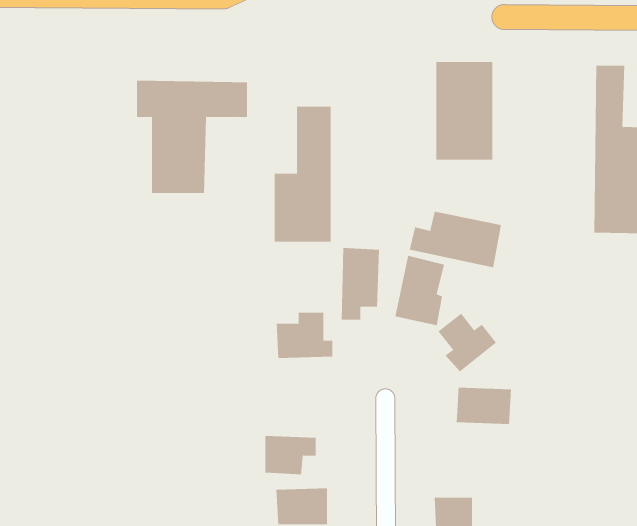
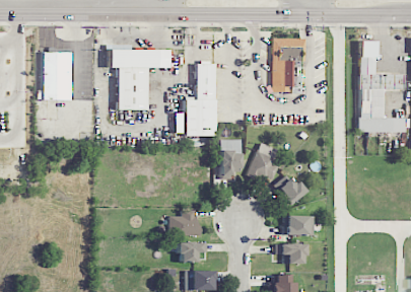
building: none -> [42,50,71,99]
building: [409,211,501,268] -> none
building: [276,312,333,359] -> [169,210,201,235]
building: none -> [275,243,304,264]

